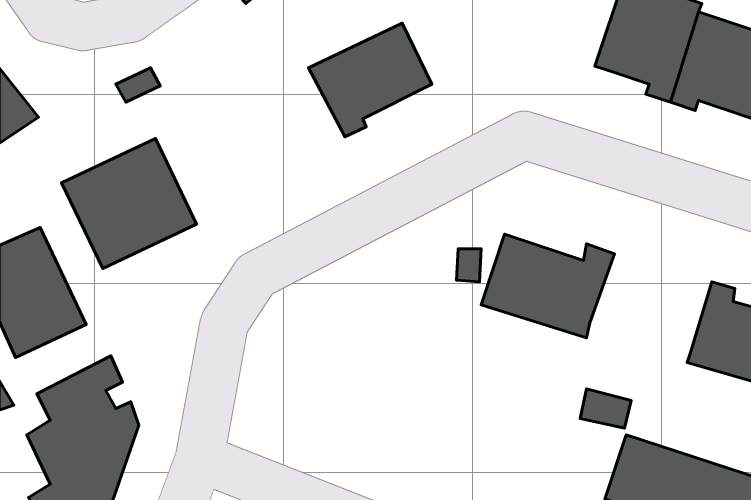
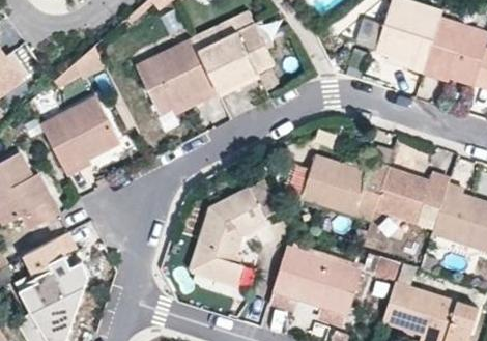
building: none -> [133,37,216,111]
building: none -> [372,168,449,230]
building: none -> [191,186,265,284]
building: none -> [276,247,363,313]

